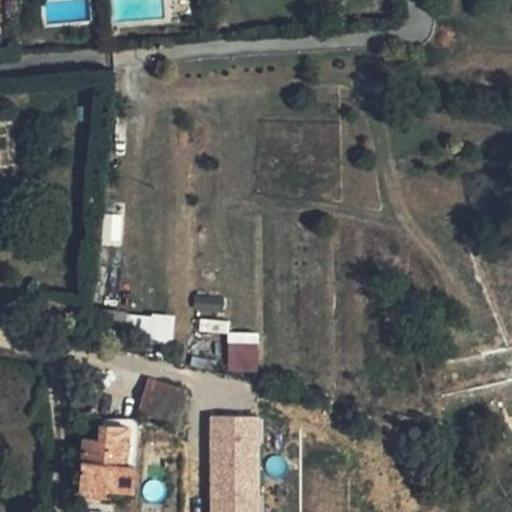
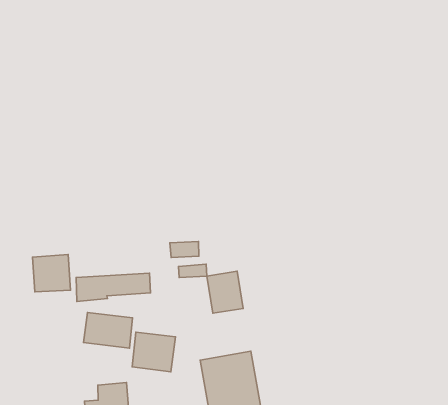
building: none -> [32,255,70,292]
building: none -> [83,313,133,348]

